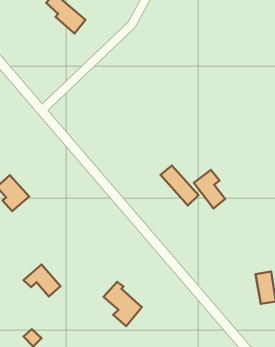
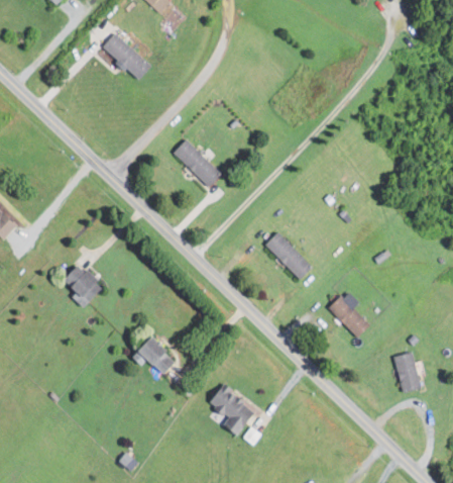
building: none -> [172,137,221,187]
building: [194,170,225,208] -> [328,289,368,336]
building: [24,265,61,296] -> [132,335,179,374]

